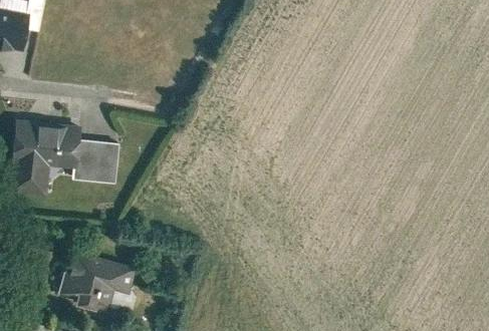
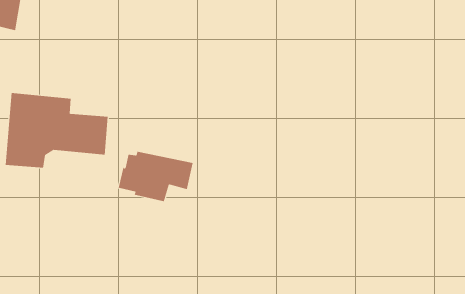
building: [60,255,137,306] -> [118,151,193,202]

